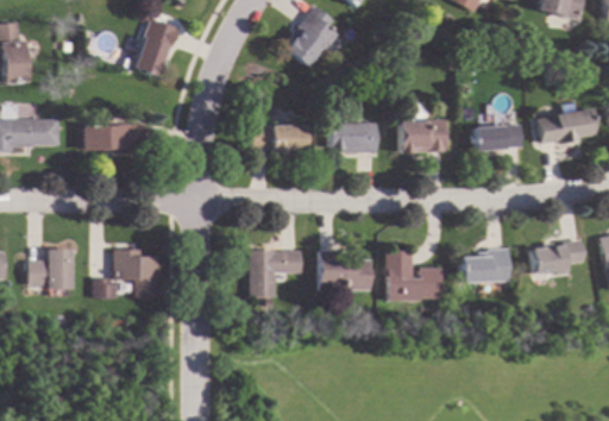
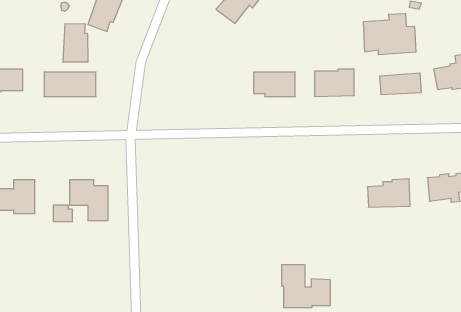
building: none -> [364,13,416,55]
building: none -> [63,24,88,62]
building: [251,125,309,153] -> none
building: [250,249,302,295] -> none
building: [319,249,371,290] -> none
building: [385,250,442,300] -> [282,265,330,307]

